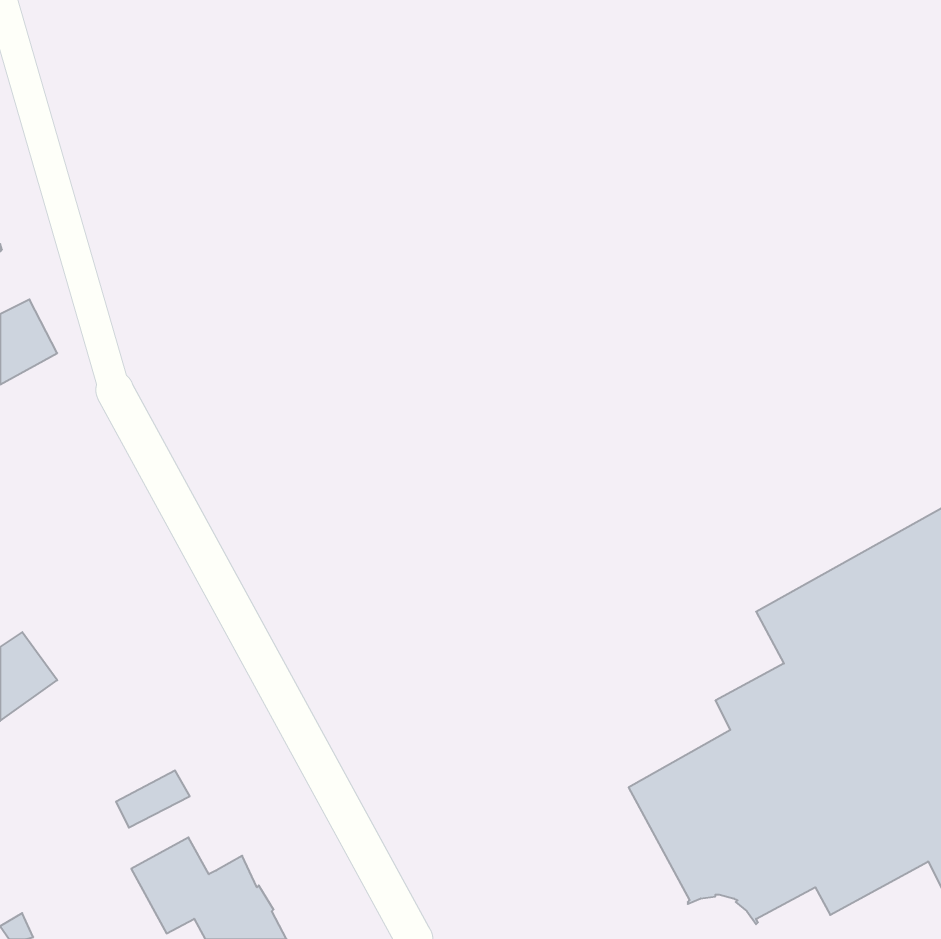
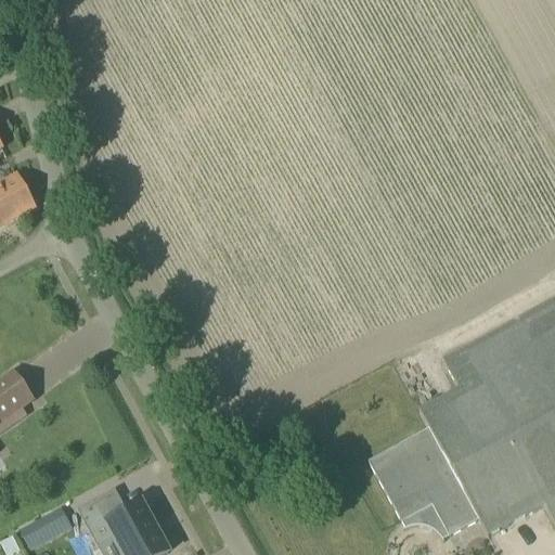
building: [116,770,190,828] -> [21,513,64,546]

